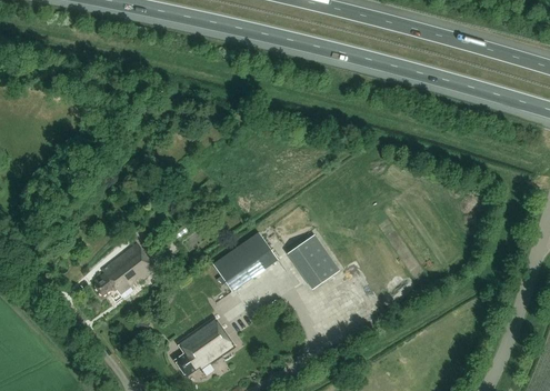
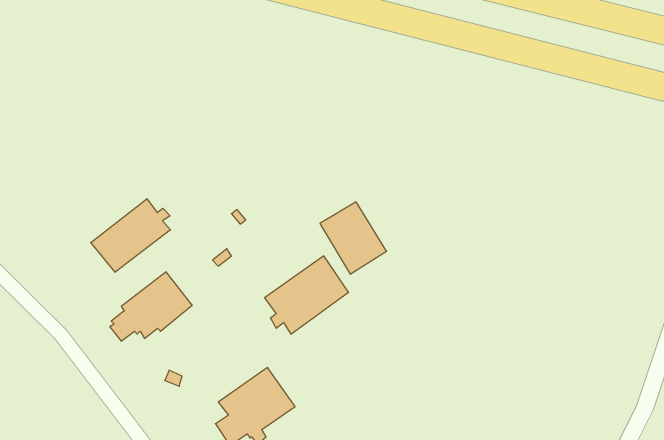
building: none -> [91,199,171,272]
building: [292,233,343,289] -> [320,202,387,274]

